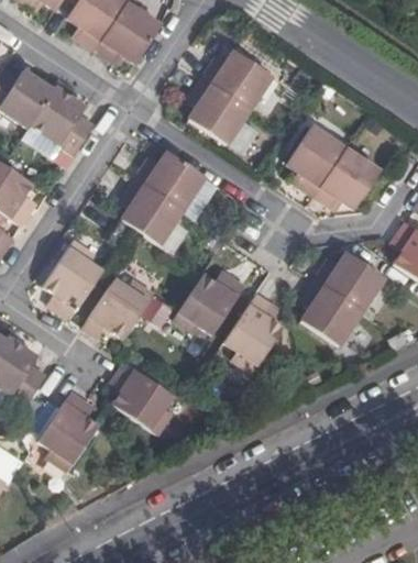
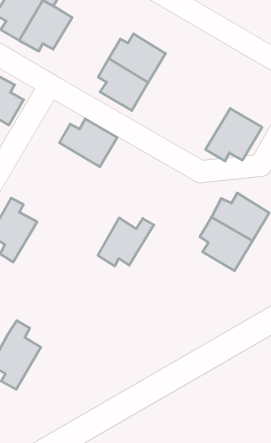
building: [285,125,346,197] -> none
building: [121,178,184,245] -> none
building: [82,279,153,339] -> none
building: [227,294,285,372] -> none
building: [113,362,174,432] -> none

